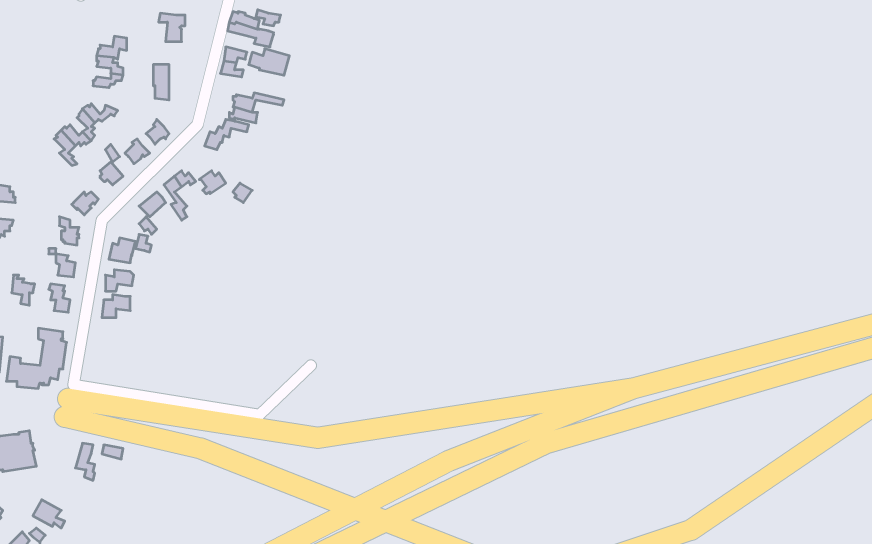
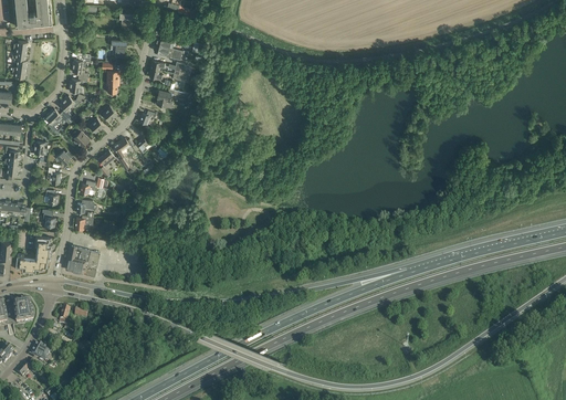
building: none -> [65,245,99,275]

